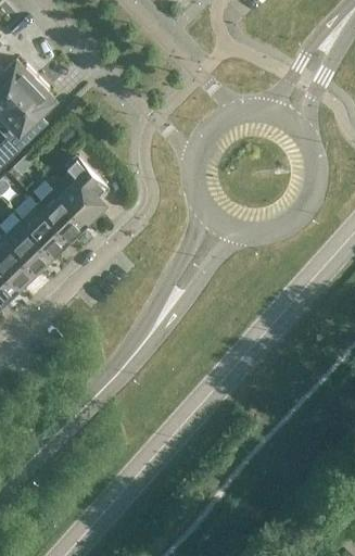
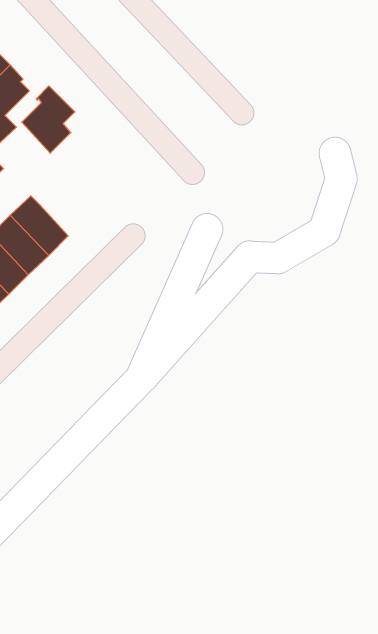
building: [63,164,107,220] -> [22,86,75,153]

